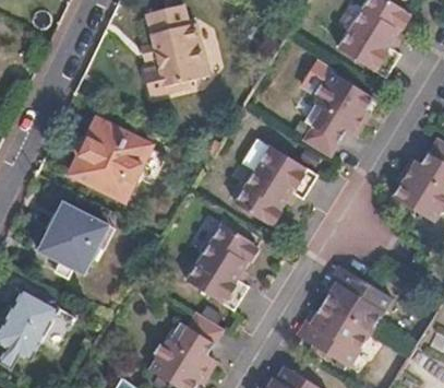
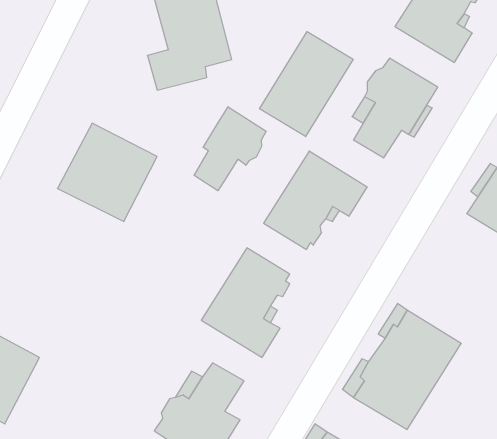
building: none -> [260,32,353,137]
building: none -> [194,107,266,191]
building: [38,203,109,275] -> none

